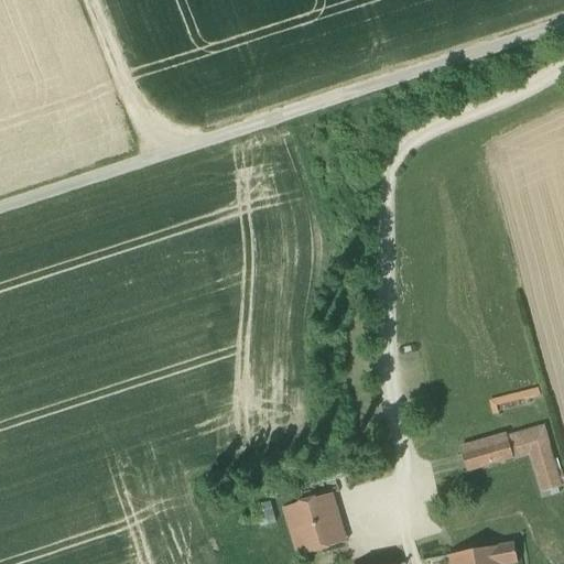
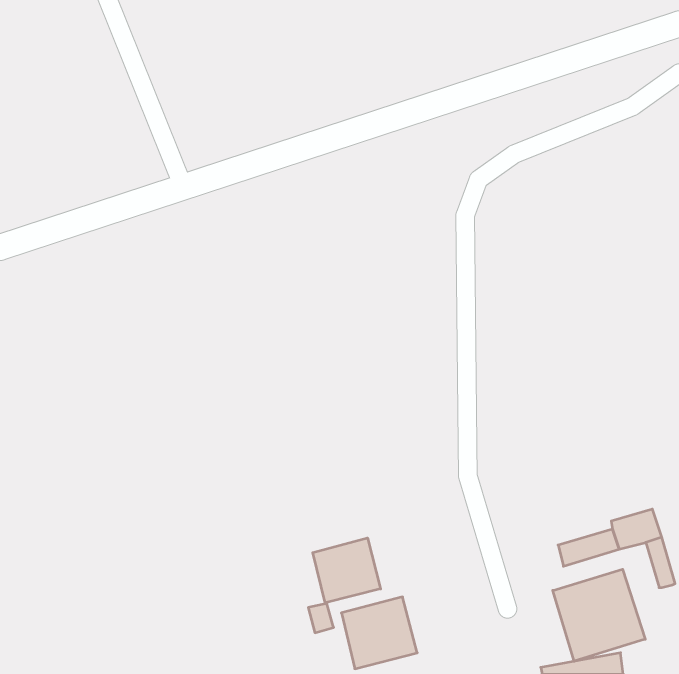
building: none -> [313,538,381,603]
building: none -> [553,569,645,661]

